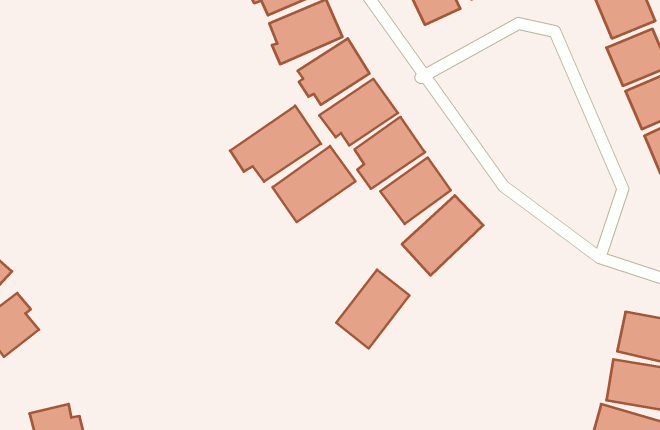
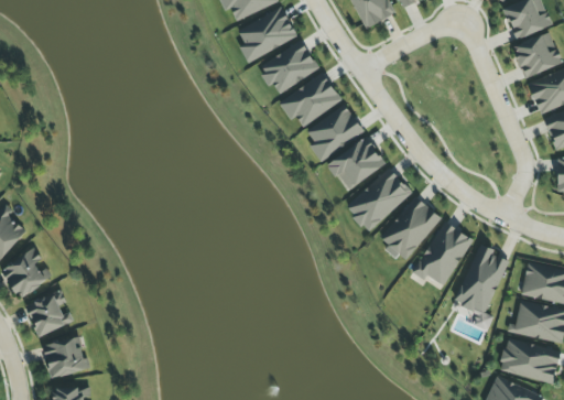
building: [230,106,321,182] -> none
building: [273,146,355,222] -> none
building: none -> [413,221,474,287]
building: [336,270,409,348] -> [381,196,441,260]
building: none -> [454,244,508,329]
building: none -> [25,291,74,336]

